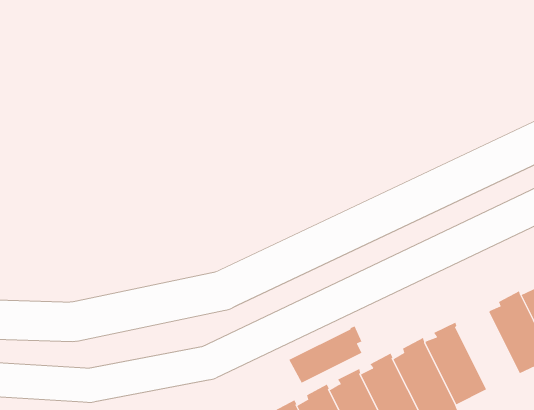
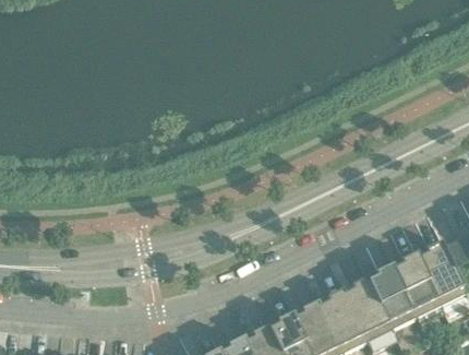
building: none -> [392,252,441,317]
building: [289,325,363,384] -> none

